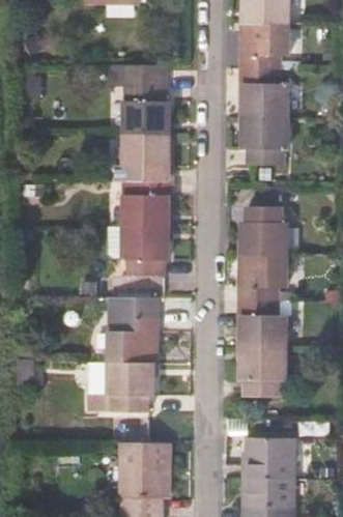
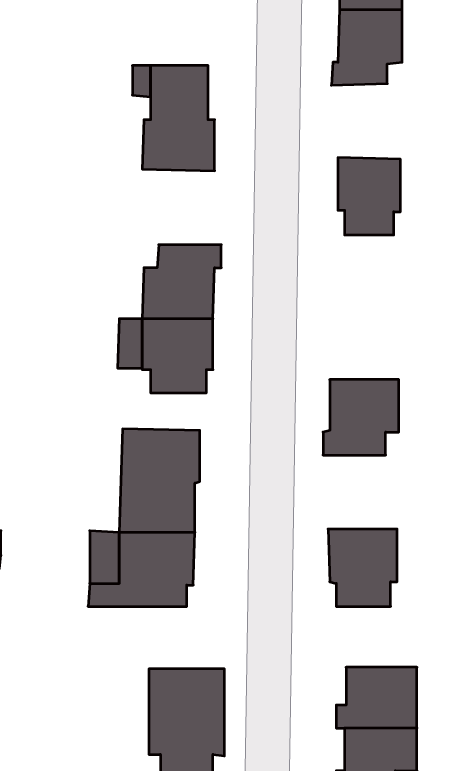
building: [240,75,285,122] -> none
building: [114,128,171,176] -> none
building: [239,212,283,261] -> none
building: [235,309,283,355] -> none

